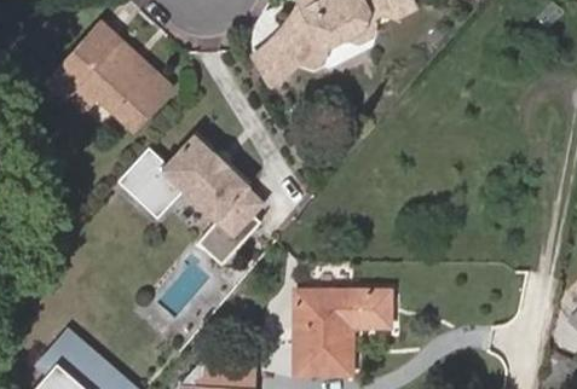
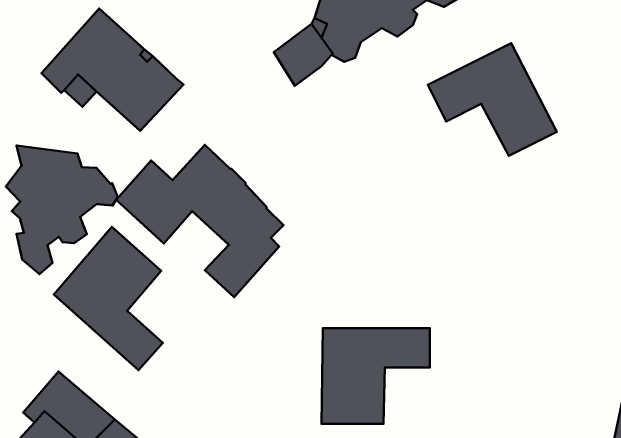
building: none -> [428,43,557,156]
building: none -> [6,146,118,274]
building: none -> [54,227,163,370]

